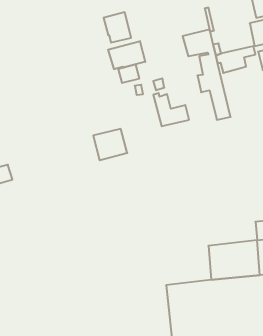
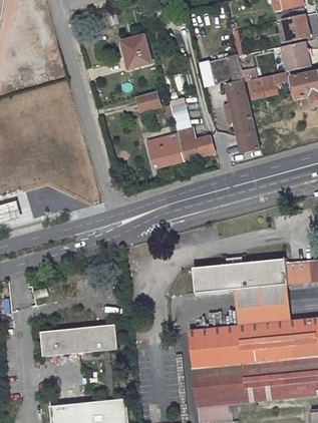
building: [108,41,145,69] -> none
building: [93,129,127,160] -> [146,132,184,166]
building: none -> [194,259,288,292]
building: none -> [40,325,115,357]

